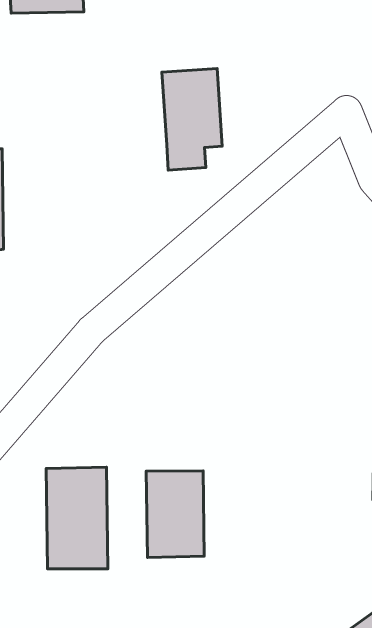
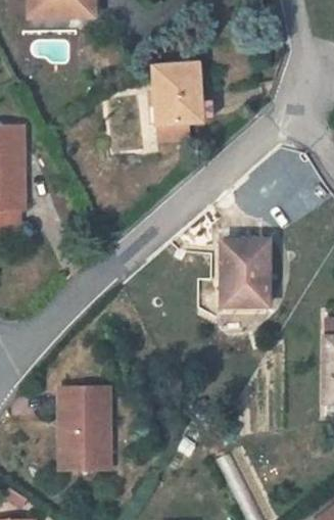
building: none -> [223,242,268,305]
building: [146,471,204,557] -> none

